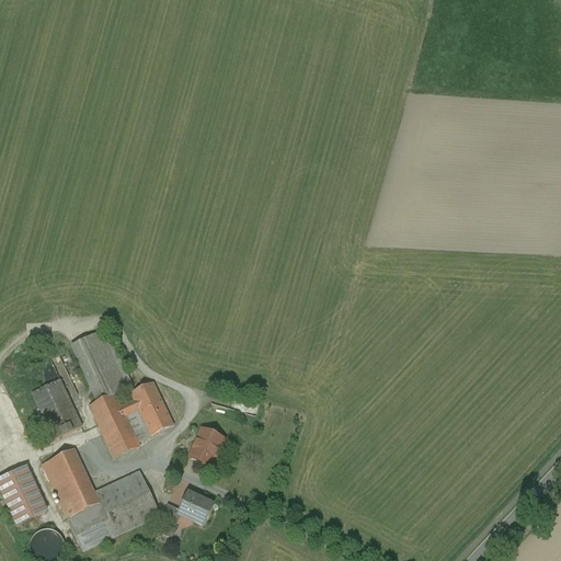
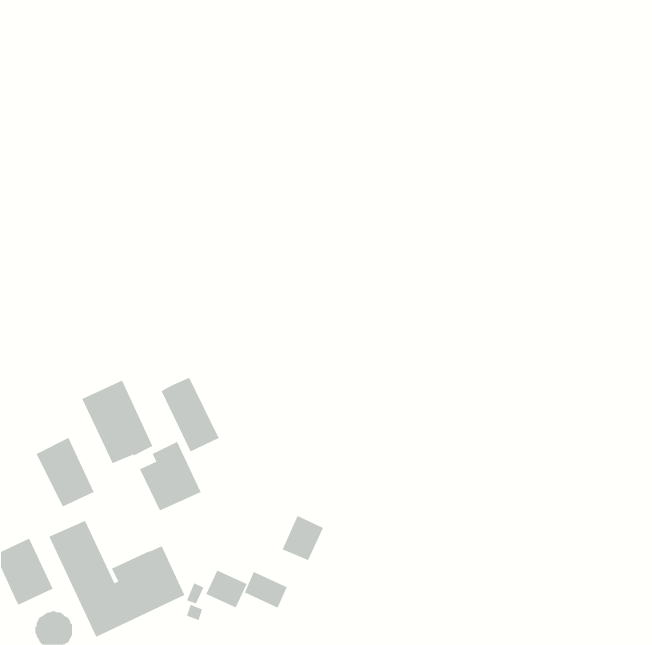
building: [89,391,139,456] -> [161,377,220,452]
building: [187,425,224,465] -> [282,515,324,561]
building: none -> [244,571,287,608]

